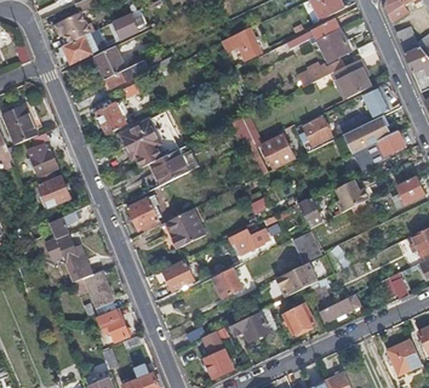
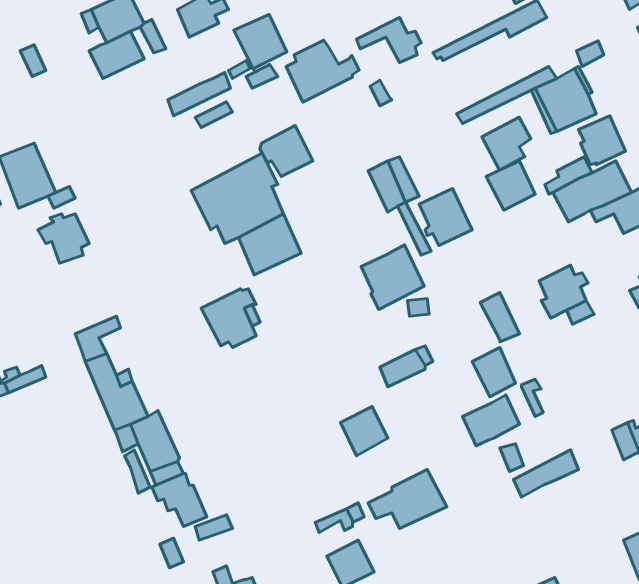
building: [316,27,347,59] -> [482,117,531,170]
building: none -> [286,40,359,102]
building: [92,45,125,79] -> [234,14,287,69]
building: [93,102,126,133] -> [260,125,313,176]
building: [36,173,69,207] -> none
building: [166,207,205,247] -> [361,245,424,310]
building: [154,259,193,290] -> none
building: [282,303,314,333] -> none

